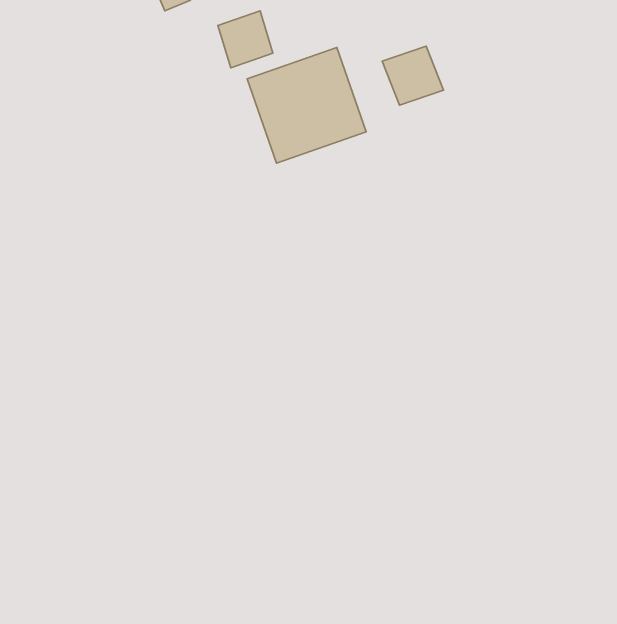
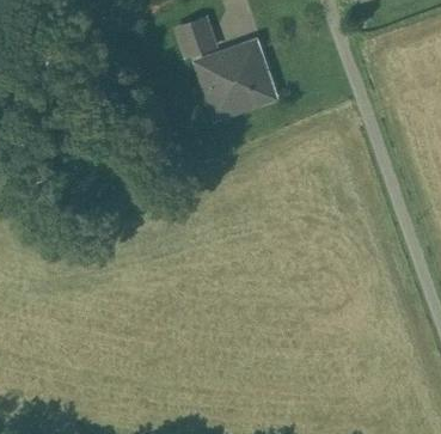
building: [382,46,443,105] -> none

